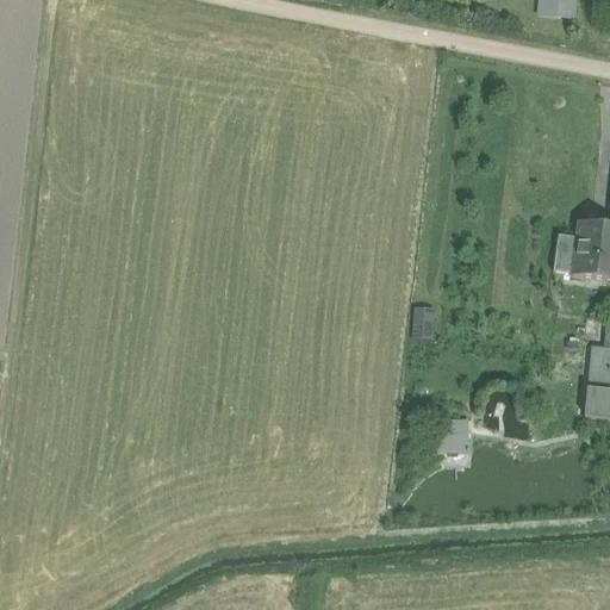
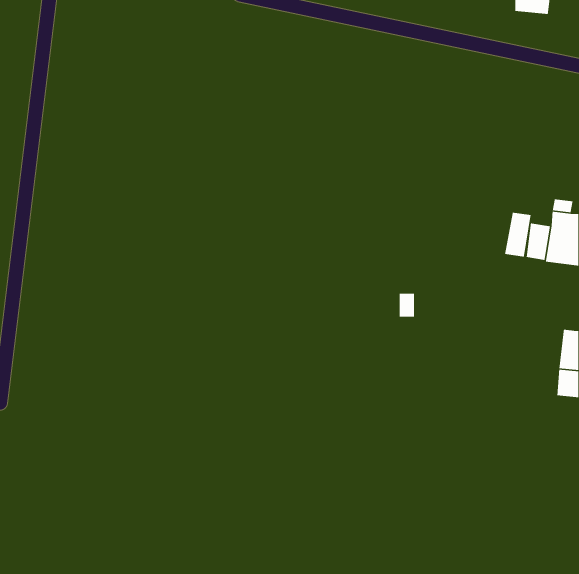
building: none -> [504,212,532,258]
building: [436,419,466,452] -> none

